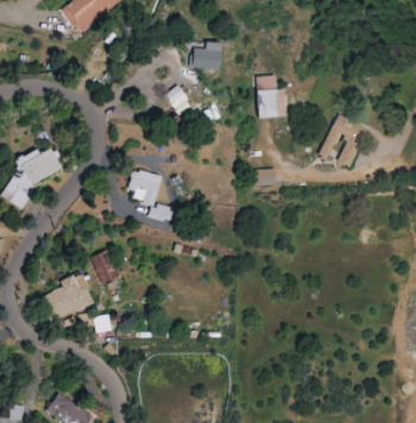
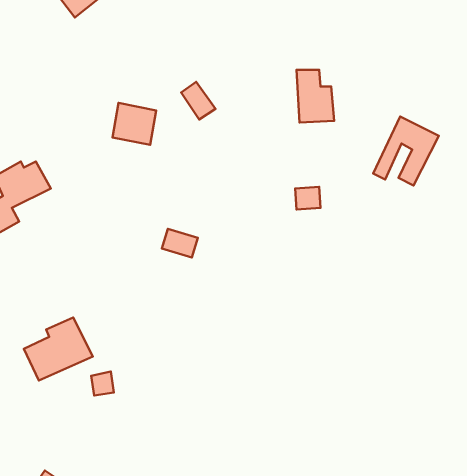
building: [188,40,221,70] -> none
building: [126,169,160,202] -> [113,103,156,145]
building: [90,248,118,280] -> none

